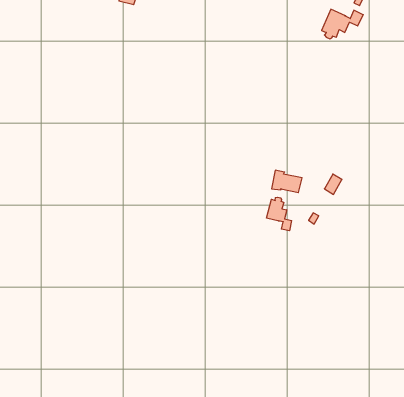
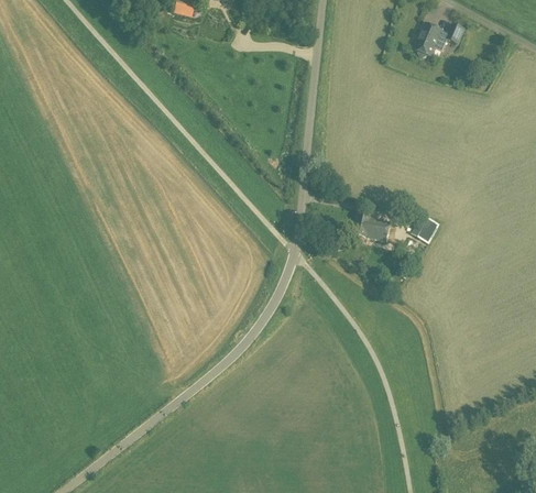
building: [267,197,292,231] -> none

